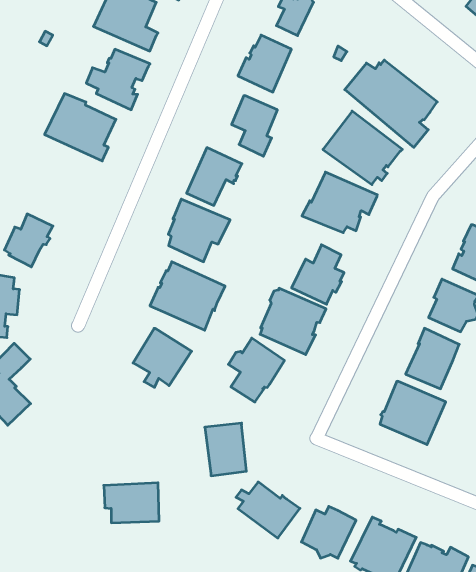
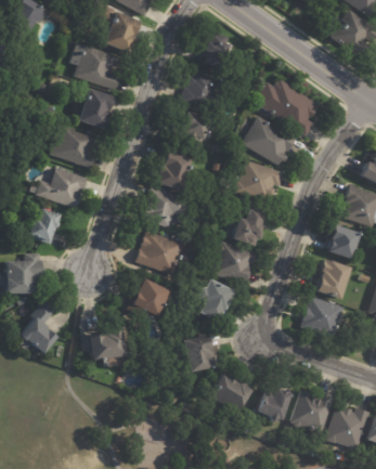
building: none -> [29,167,87,208]
building: [104,483,159,523] -> [78,331,118,362]

